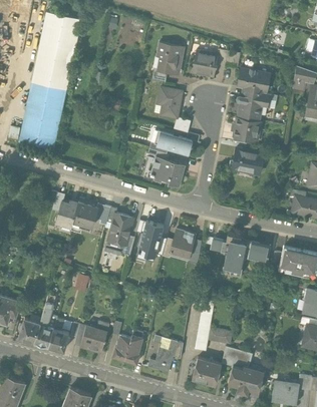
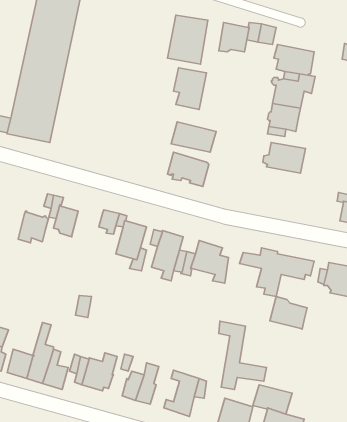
building: [72,201,97,228] -> [18,211,49,243]
building: none -> [270,297,307,329]

